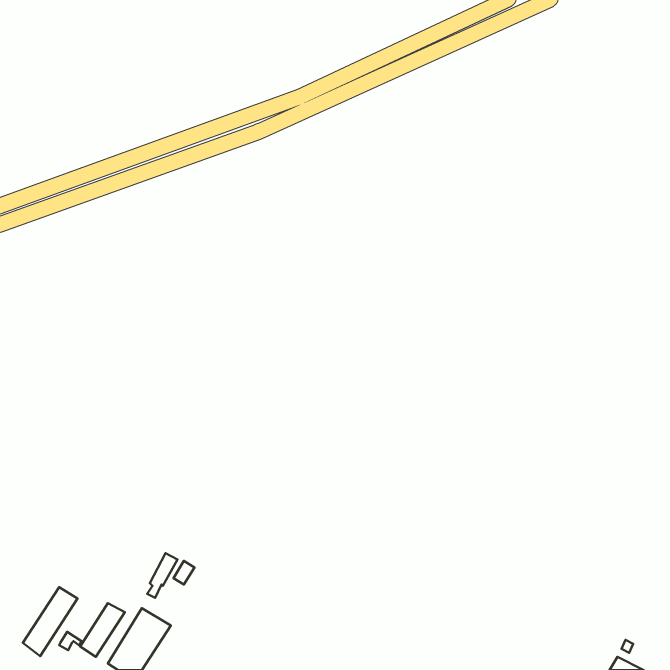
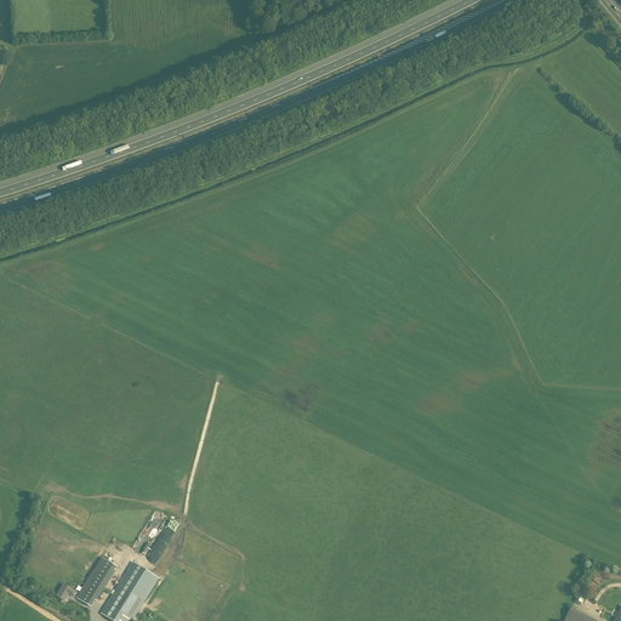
building: [23,587,77,656] -> none

